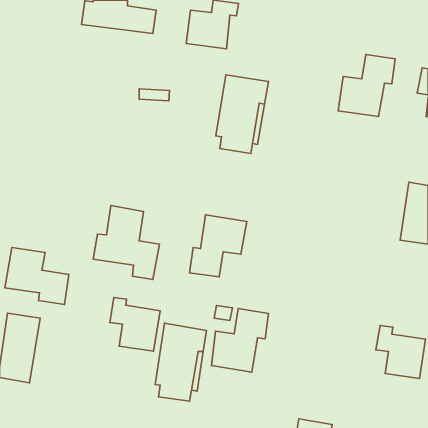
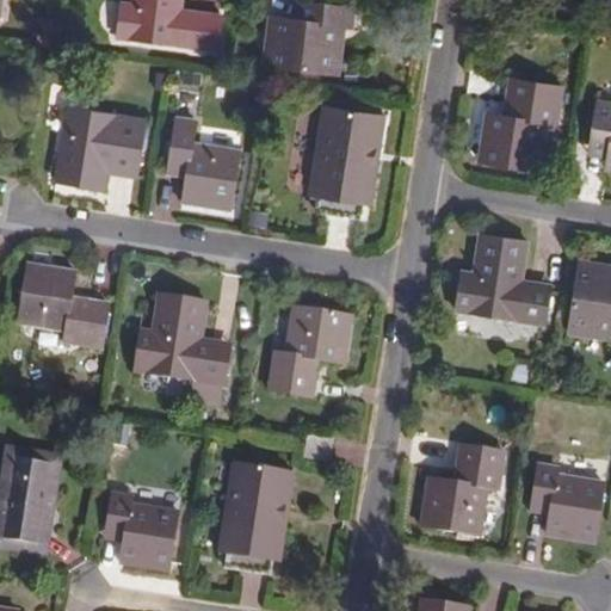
building: none -> [55,107,146,190]
building: none -> [168,118,240,210]
building: none -> [457,233,551,325]
building: [5,248,69,305] -> [19,263,110,344]
building: [110,297,160,351] -> [106,492,178,568]
building: [211,308,268,372] -> [425,444,506,535]

